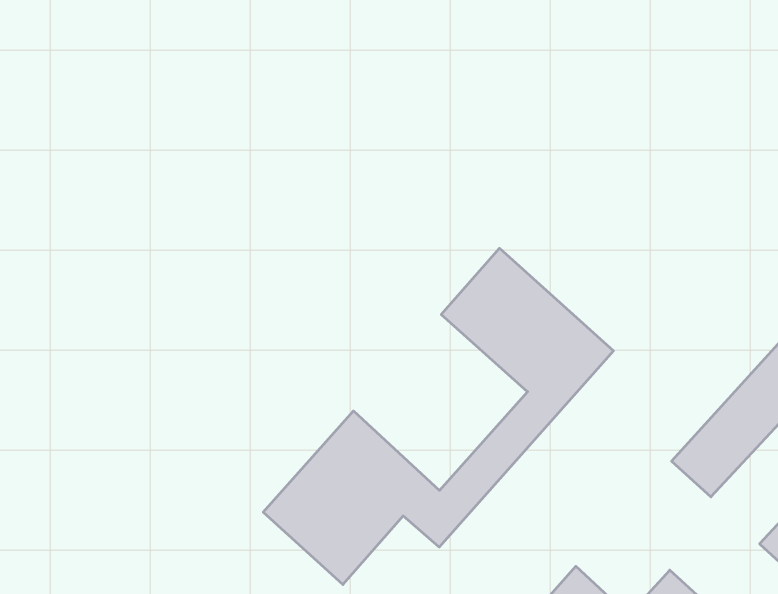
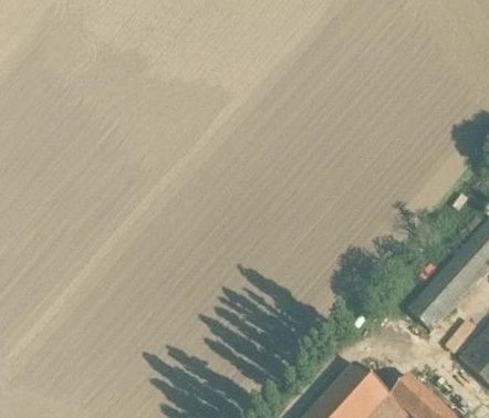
building: [263,248,613,585] -> none

